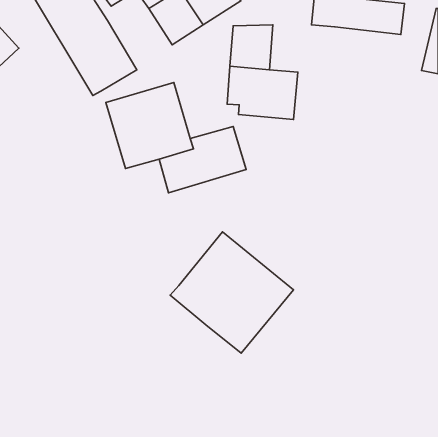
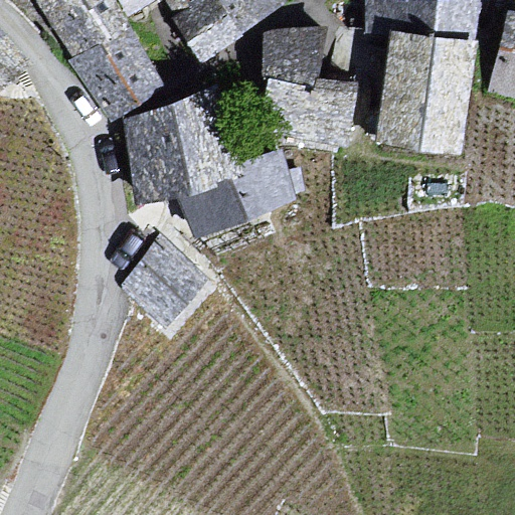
building: none -> [380,31,469,143]
building: none -> [125,238,202,317]
building: [170,232,294,353] -> none

